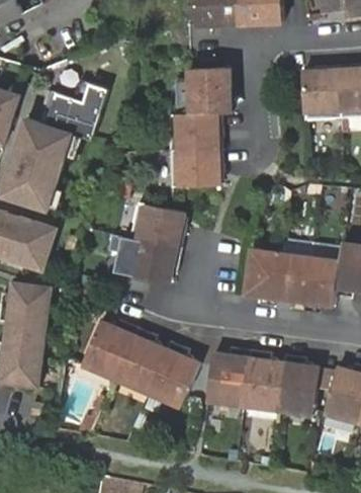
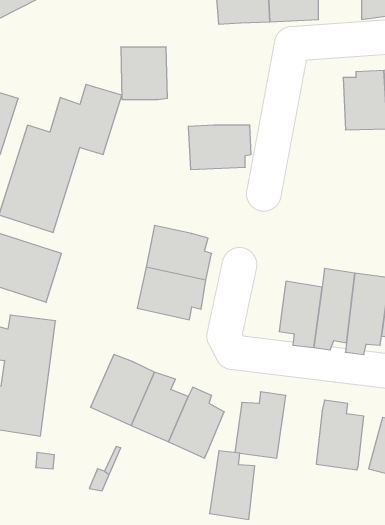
building: [187,71,228,116] -> [121,47,167,99]
building: [168,152,221,189] -> none
building: [243,351,282,411] -> [209,451,255,519]

